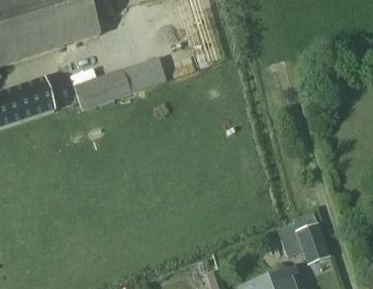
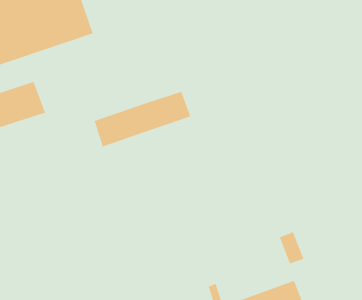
building: [74,55,167,108] -> [94,91,191,147]
building: [293,211,329,261] -> none

